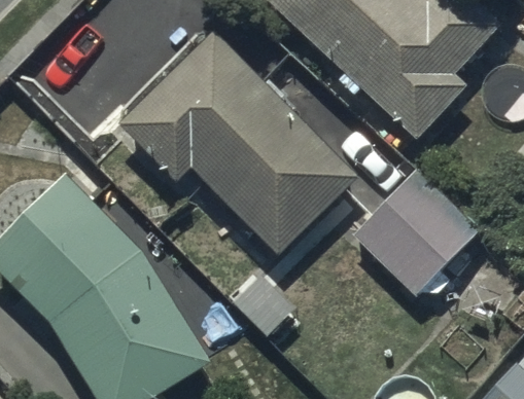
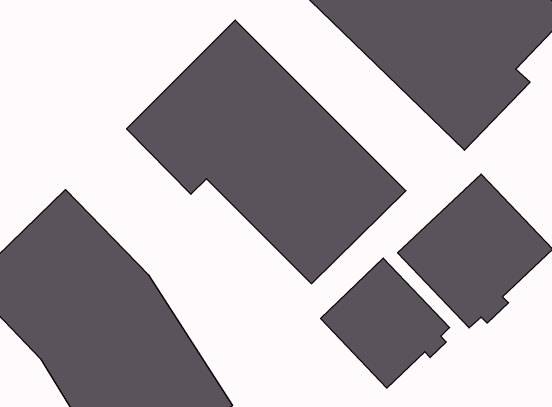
building: none -> [321,258,450,388]

